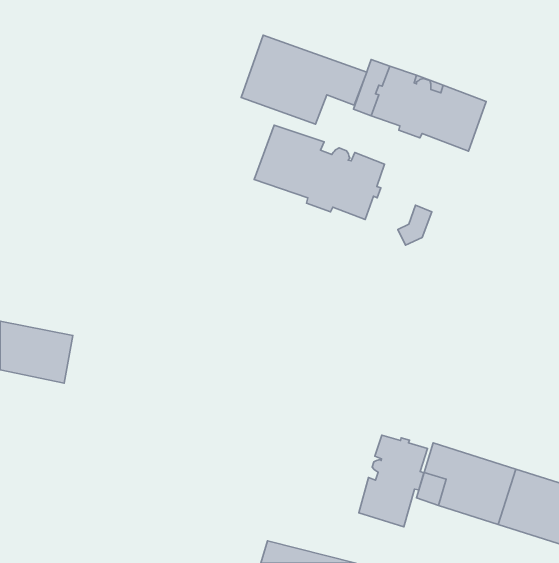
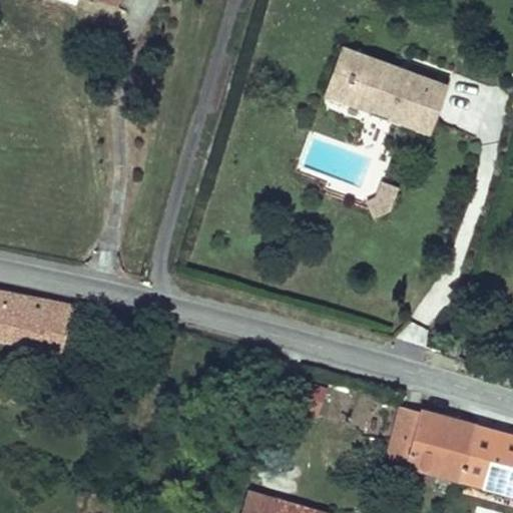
building: [241,35,367,124] -> none
building: [254,125,384,220] -> none
building: [359,435,428,527] -> none

